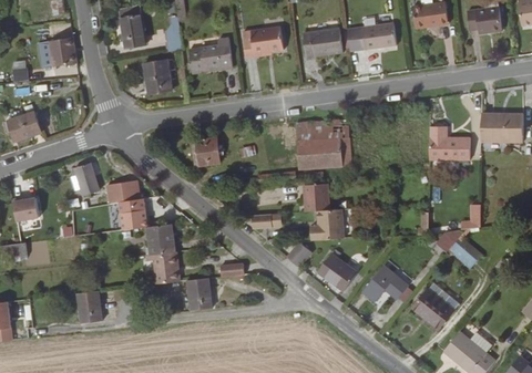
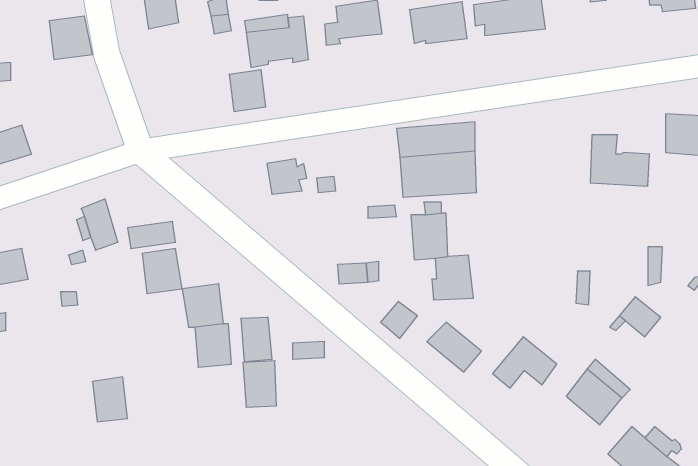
building: [143,66,168,95] -> [229,70,266,112]
building: none -> [241,317,272,362]

